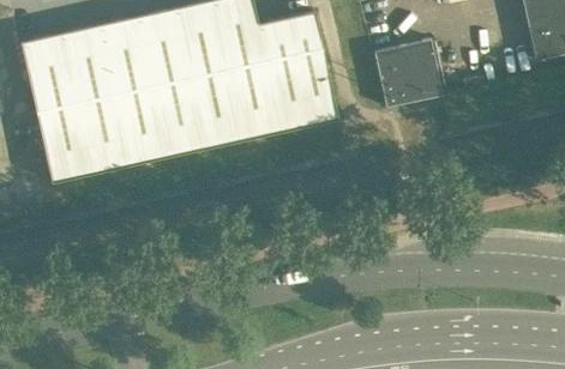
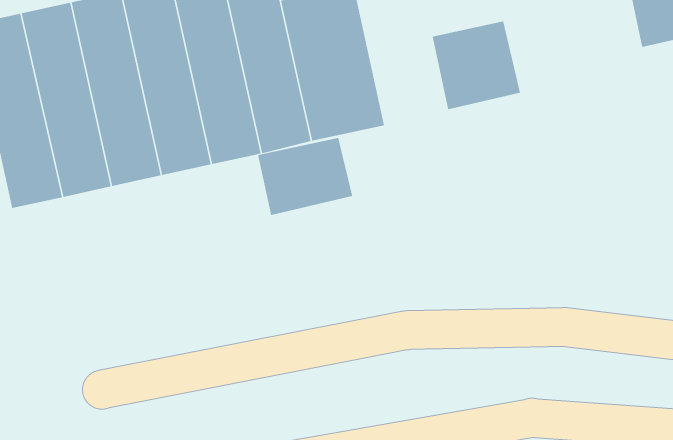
building: none -> [257,137,353,216]

